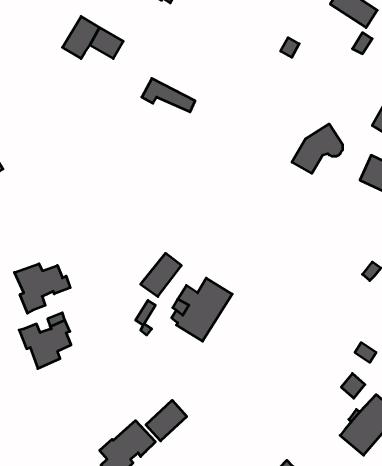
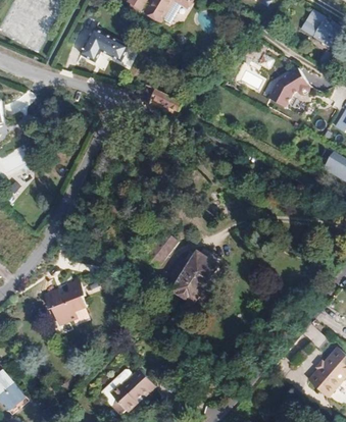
building: [292,124,343,173] -> [267,66,309,107]
building: [14,264,70,313] -> none
building: [146,400,187,441] -> none

